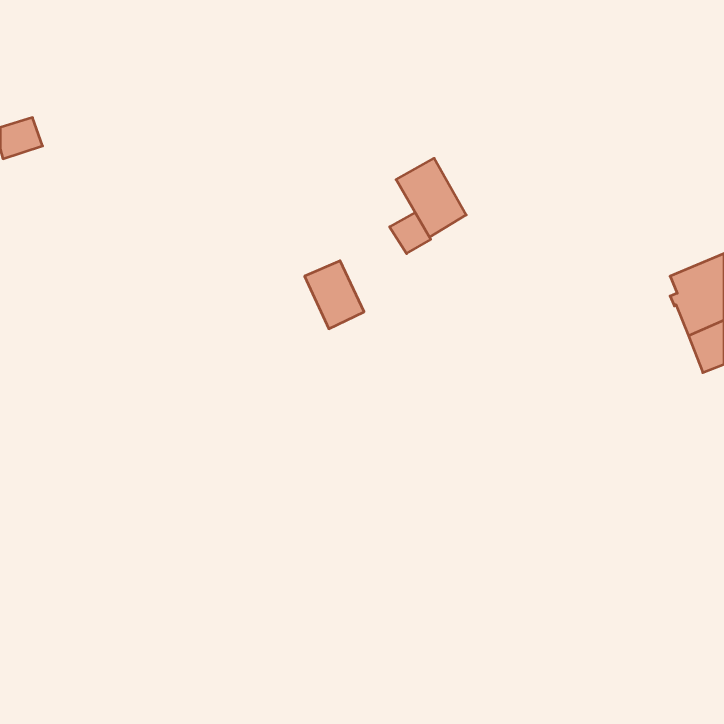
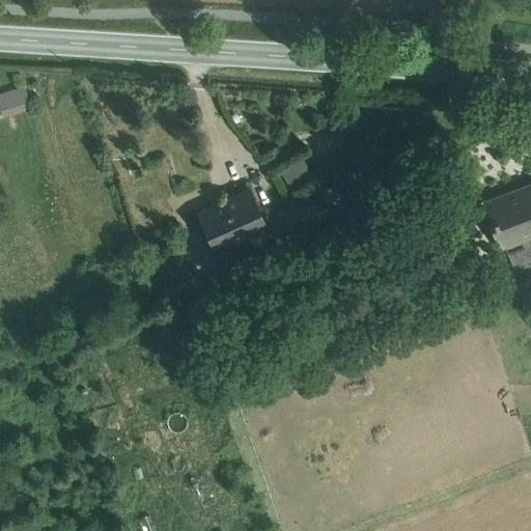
building: [396,158,466,237] -> none
building: none -> [198,202,241,252]

